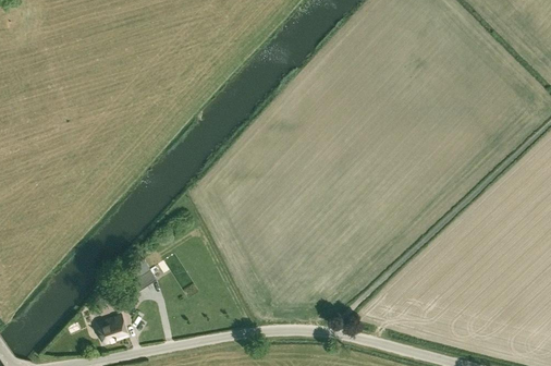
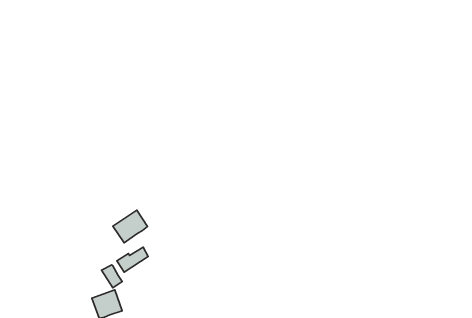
building: none -> [113,210,147,243]

